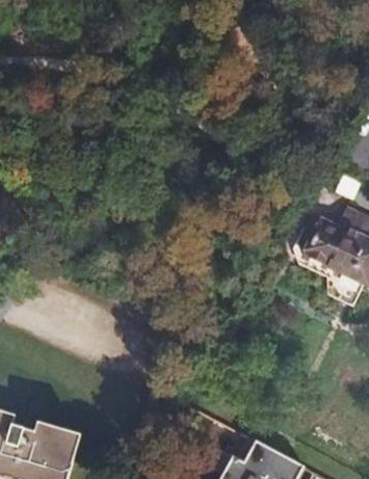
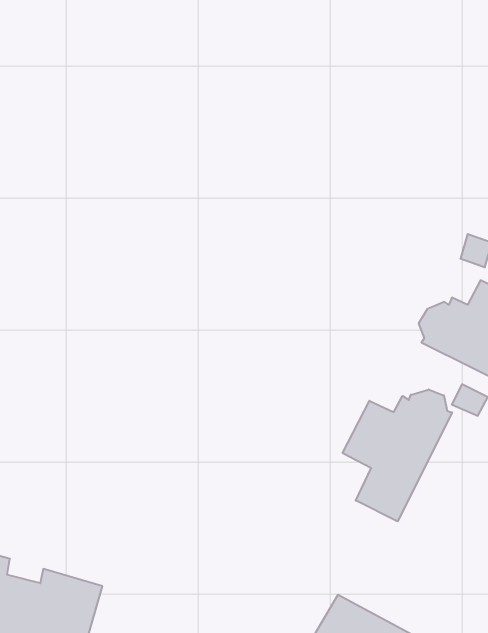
building: none -> [343,389,452,521]

